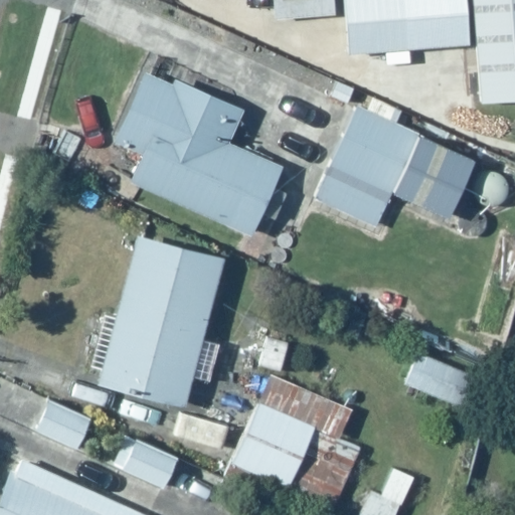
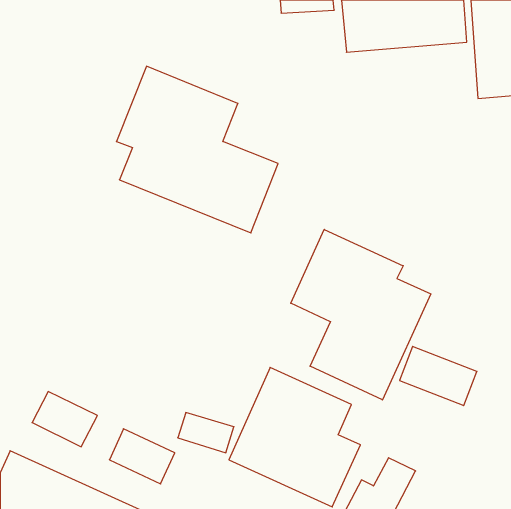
building: [320,89,475,229] -> none
building: [96,229,225,403] -> none
building: none -> [291,229,431,400]

